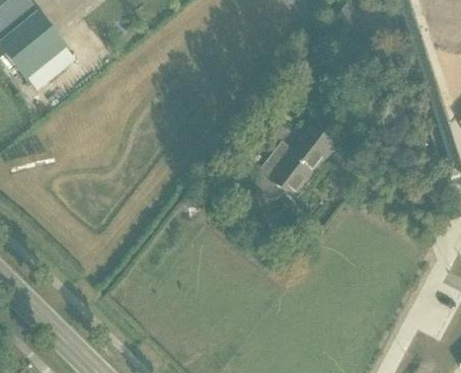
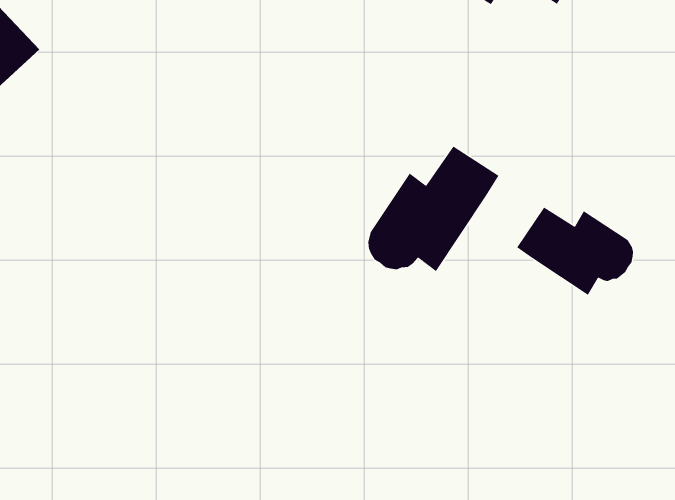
building: none -> [516,207,634,296]

